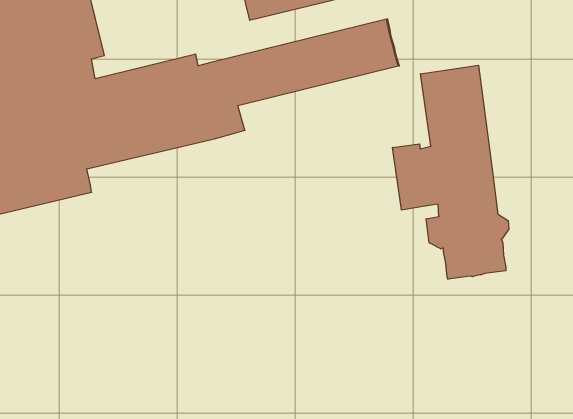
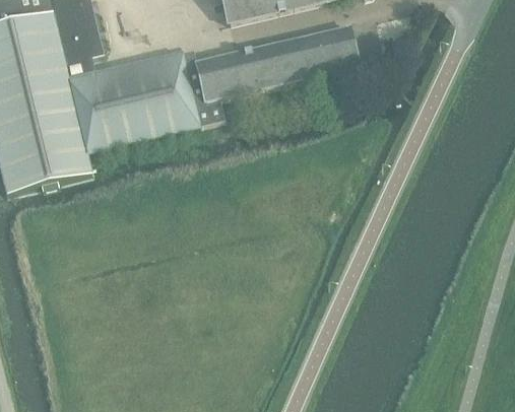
building: [392,65,509,279] -> none

